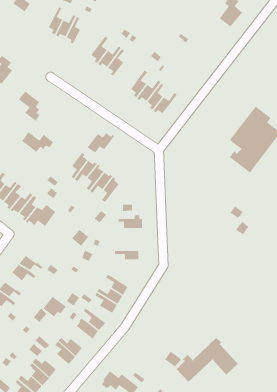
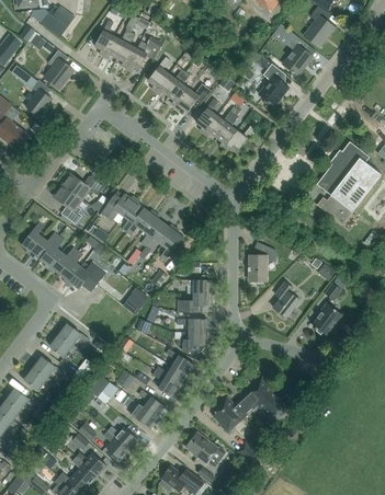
building: none -> [283,33,310,73]
building: none -> [125,37,162,70]
building: none -> [44,49,71,89]
building: none -> [258,64,287,105]
building: none -> [174,83,210,111]
building: [18,91,40,122] -> [53,185,80,223]
building: [87,131,115,154] -> [101,193,136,220]
building: none -> [248,242,275,280]
building: none -> [272,283,301,318]
building: none -> [177,292,211,311]
building: none -> [312,302,341,335]
building: none -> [175,331,206,352]
building: [176,337,239,383] -> [212,376,288,431]
building: none -> [185,431,225,462]

